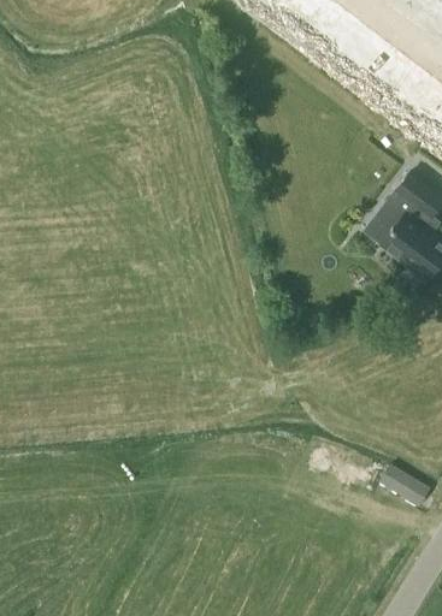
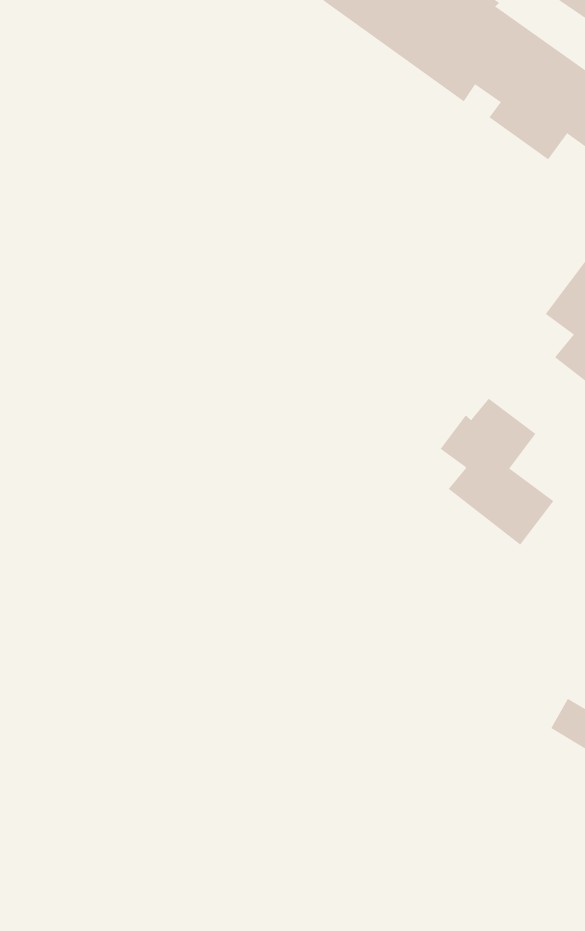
building: none -> [440,398,554,545]

